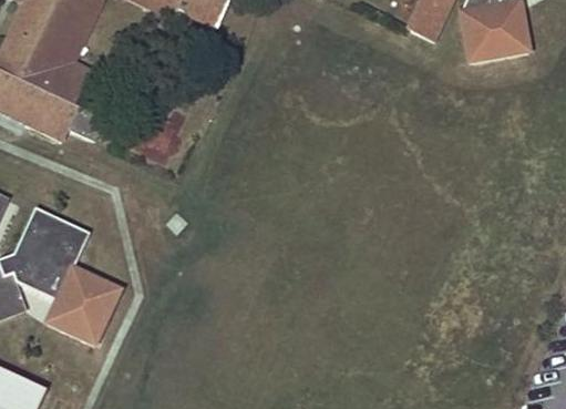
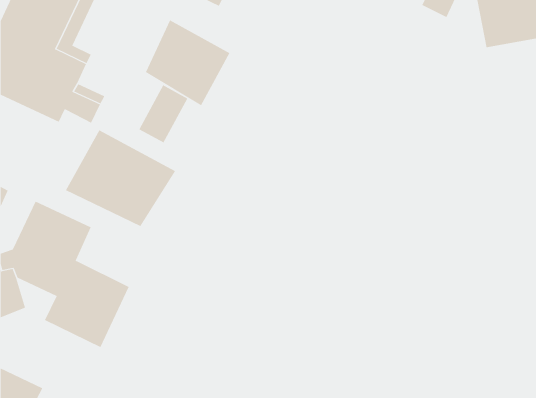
building: none -> [145,20,230,106]
building: none -> [65,130,176,227]

